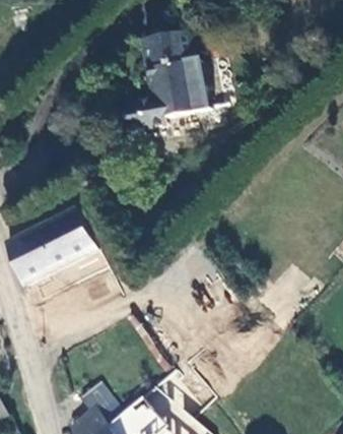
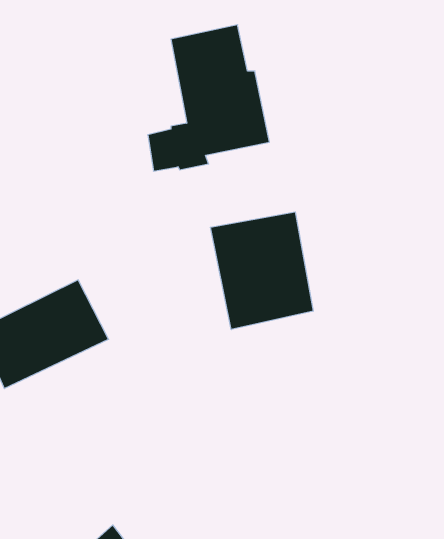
building: none -> [210,212,313,330]

